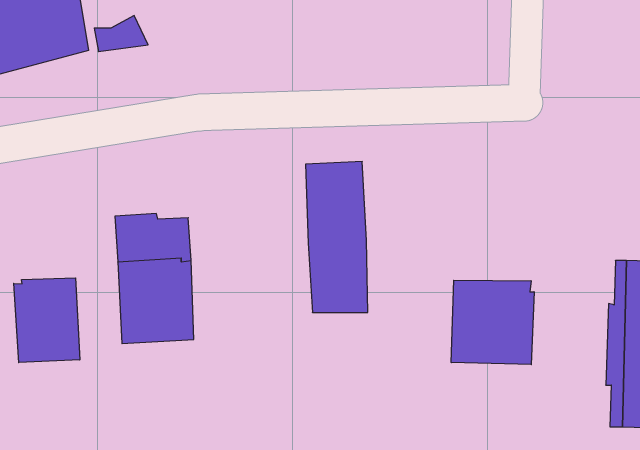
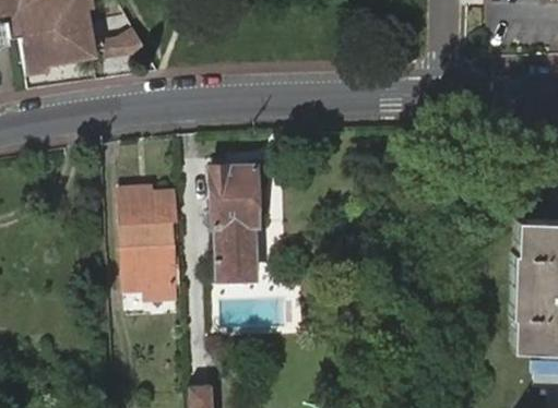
building: [306,162,368,312] -> [210,164,259,283]
building: [14,278,80,363] -> none
building: [451,280,534,365] -> none

